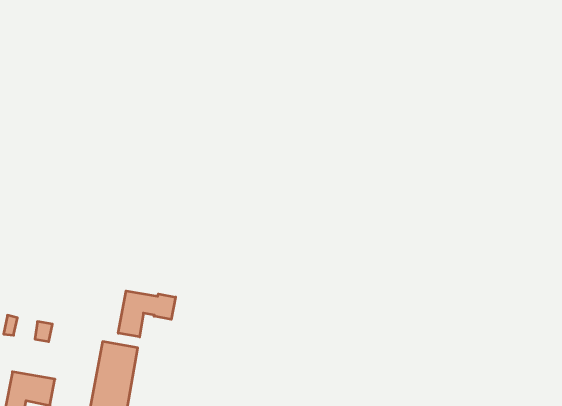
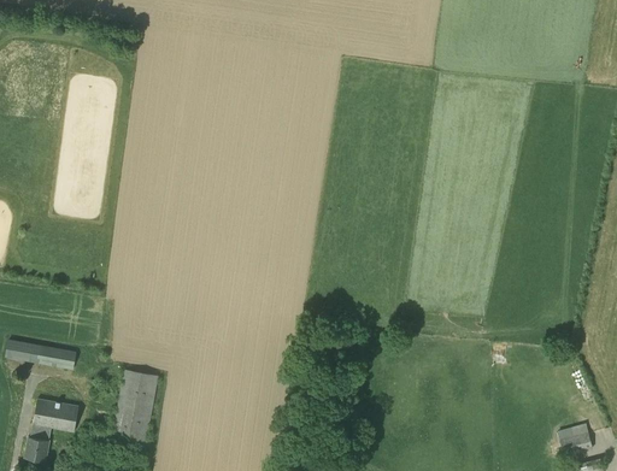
building: [118,291,176,337] -> none

